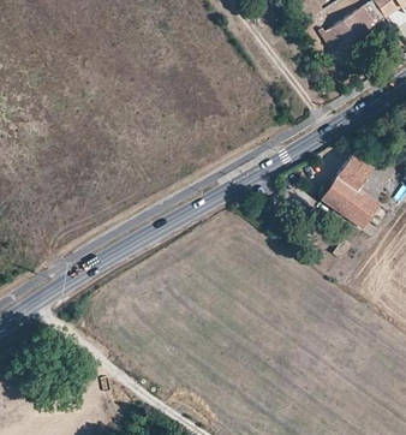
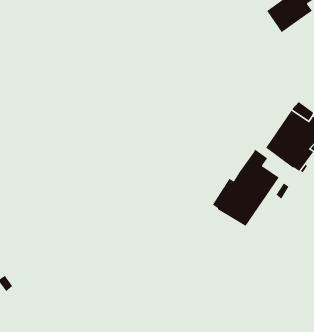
building: none -> [211,148,280,227]

